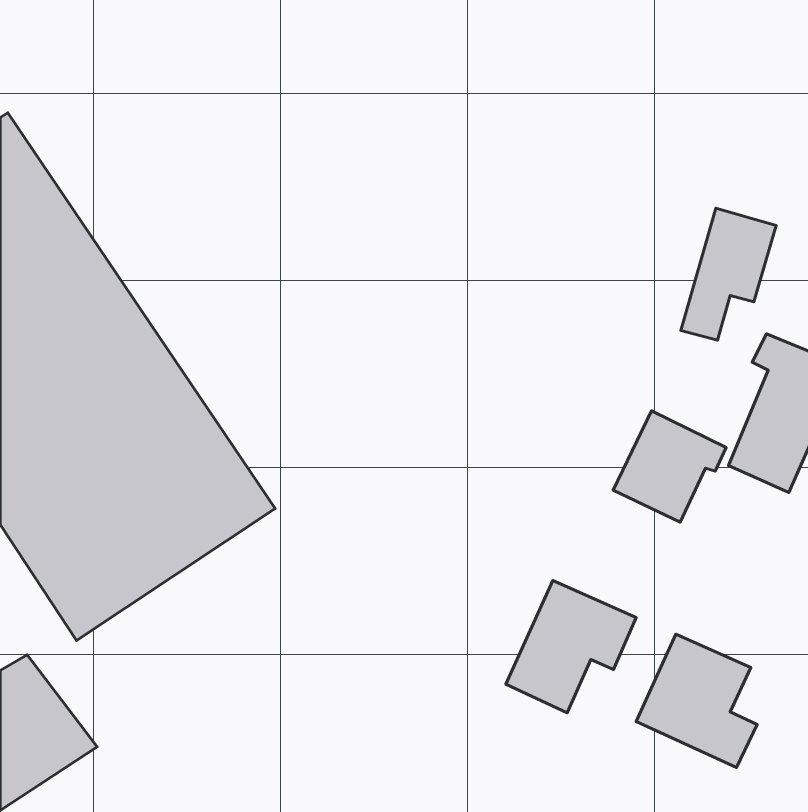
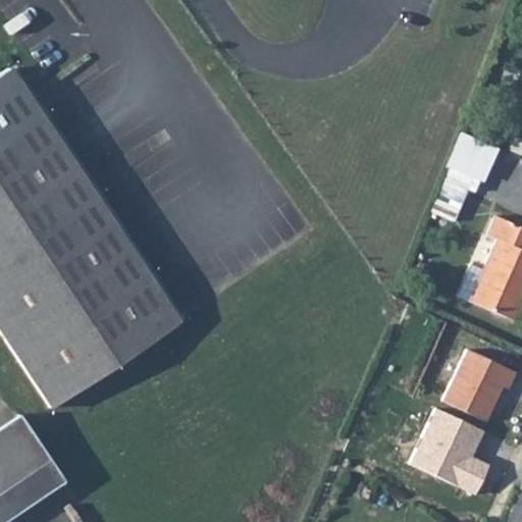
building: [613,411,726,522] -> [442,346,515,417]
building: [506,580,636,713] -> none

